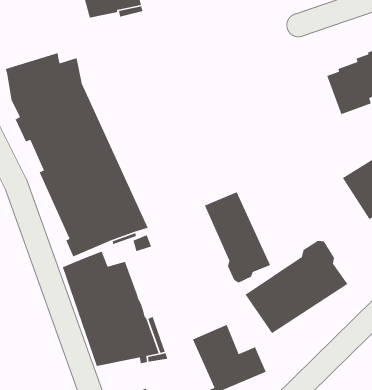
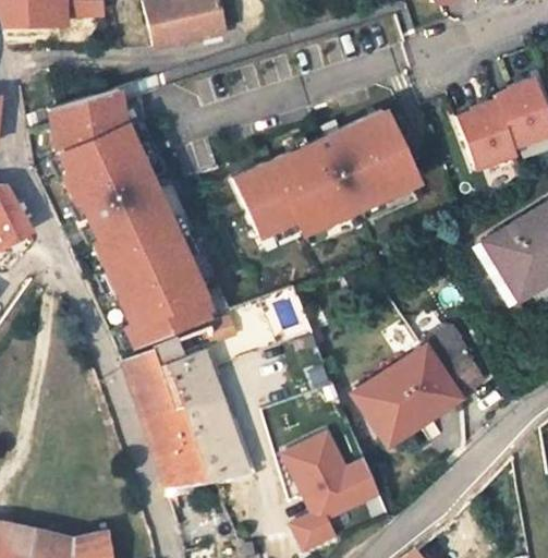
building: none -> [233,111,416,235]
building: [204,191,271,283] -> none

